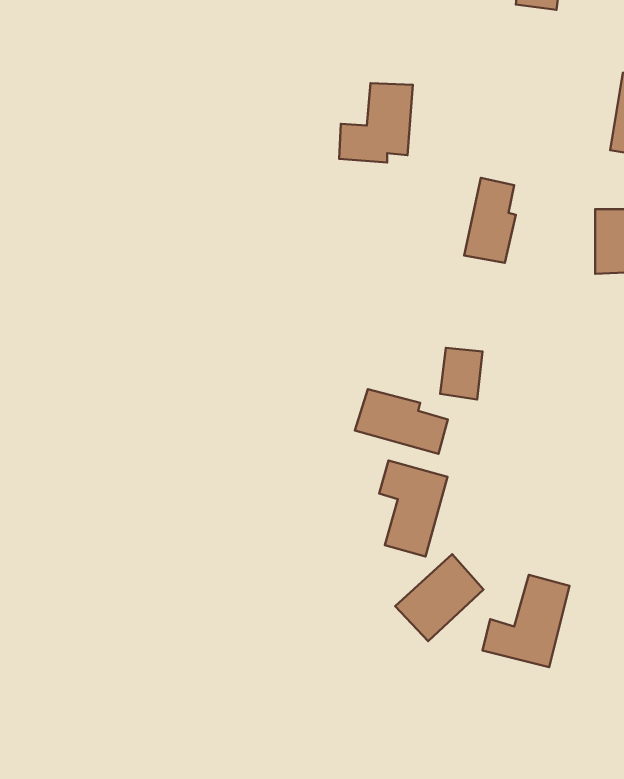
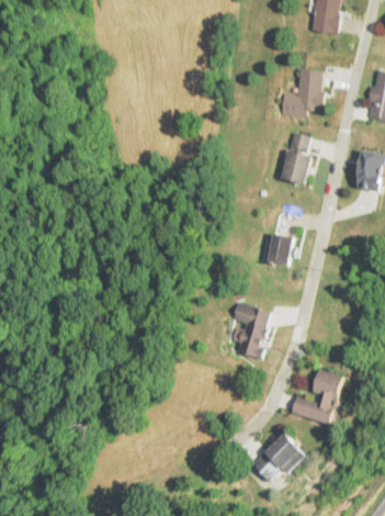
building: [339,83,413,162] -> [280,69,324,116]
building: [355,389,448,454] -> none
building: [395,554,484,641] -> [251,433,304,484]

